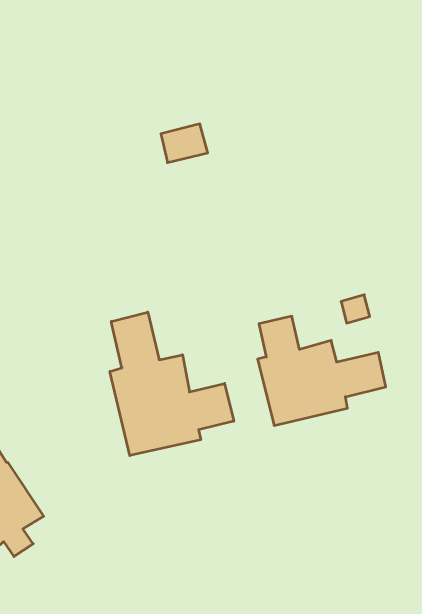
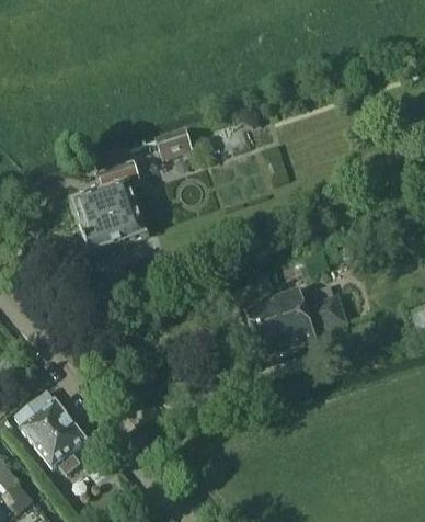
building: none -> [72,148,145,254]
building: [110,312,234,456] -> none

